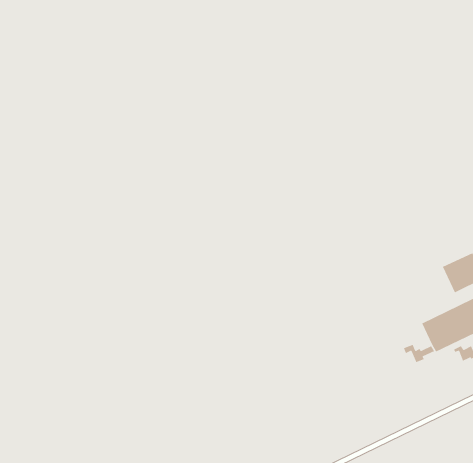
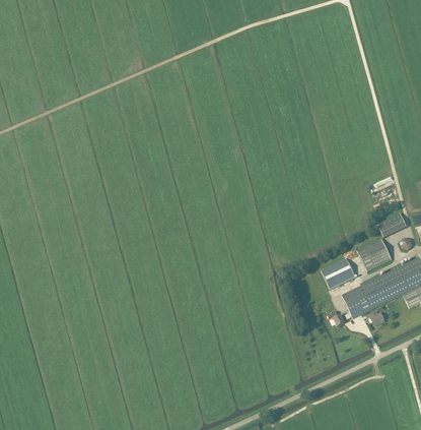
building: none -> [322,257,356,288]

